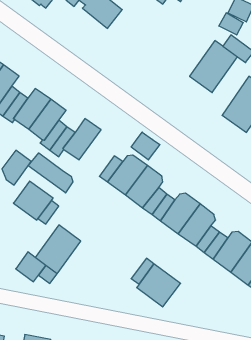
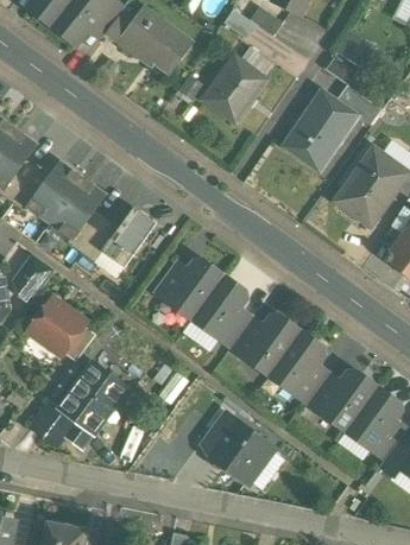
building: none -> [201,52,270,123]
building: [131,132,160,160] -> none
building: [28,153,73,193] -> none

